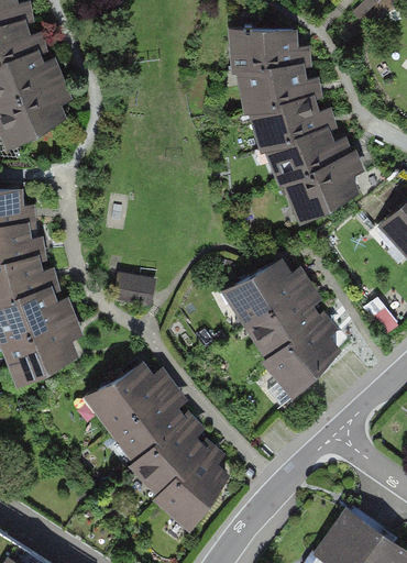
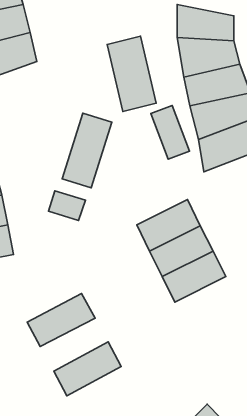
building: none -> [107,36,156,111]
building: none -> [151,106,189,159]
building: none -> [62,113,112,188]
building: [89,367,170,441] -> none
building: [131,422,213,496] -> none

